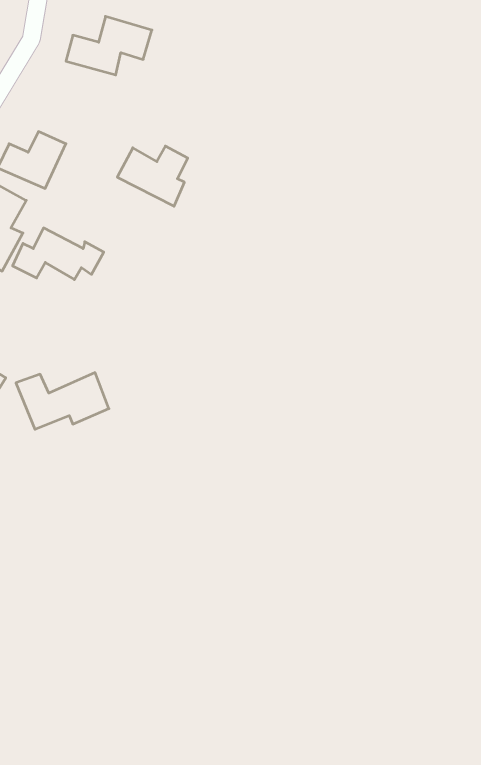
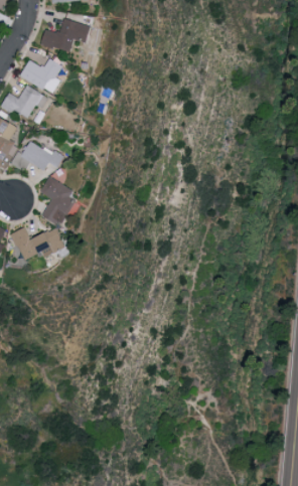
building: [117,146,188,206] -> [20,58,61,94]
building: none -> [39,176,73,225]

